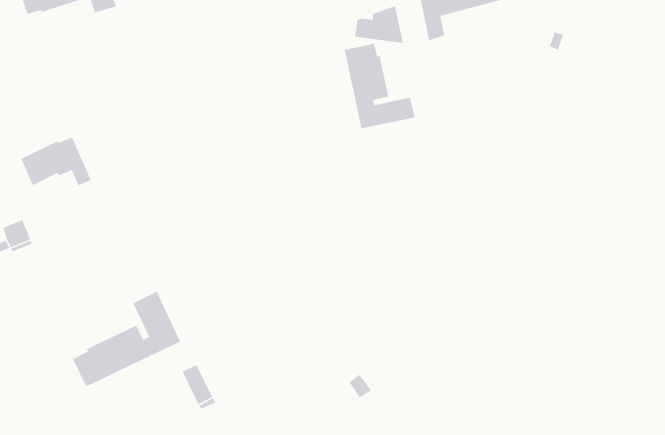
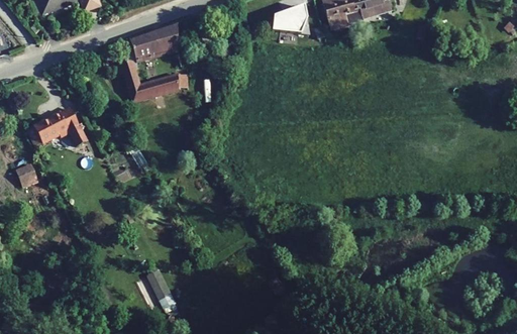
building: none -> [122,21,179,101]
building: [344,43,416,129] -> none
building: [72,290,181,388] -> none

